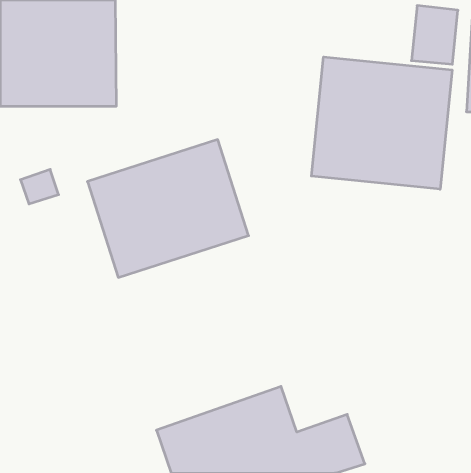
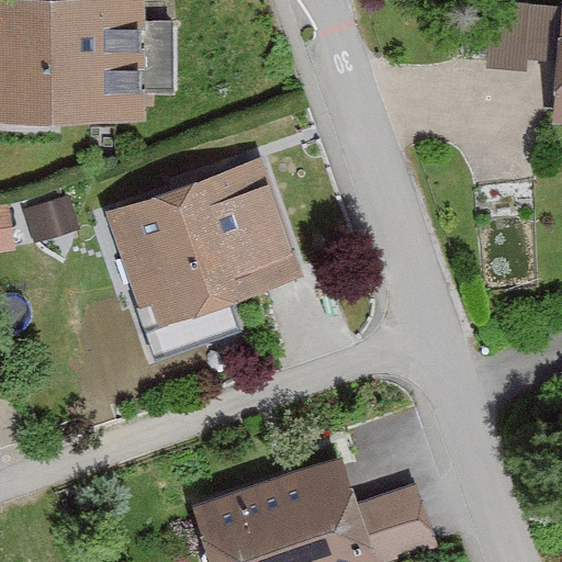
building: [311,57,452,189] -> none

